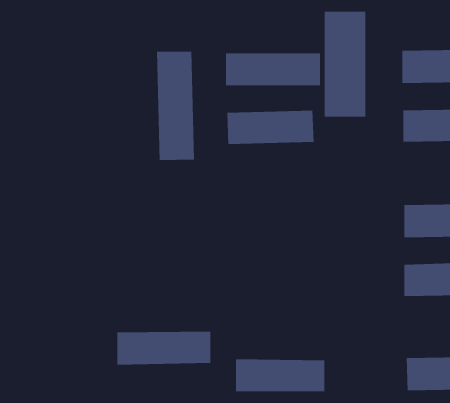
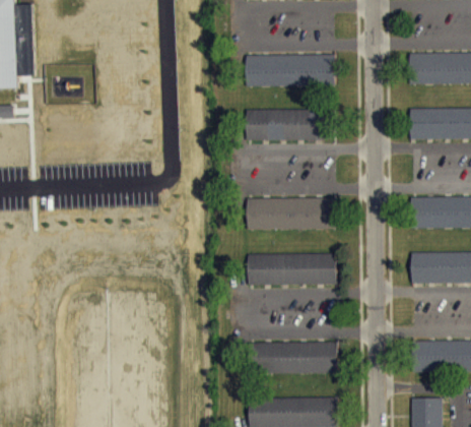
building: [324,11,366,117] -> none
building: [156,51,195,161] -> none
building: none -> [247,197,335,230]
building: [117,331,211,366] -> [248,253,336,286]

